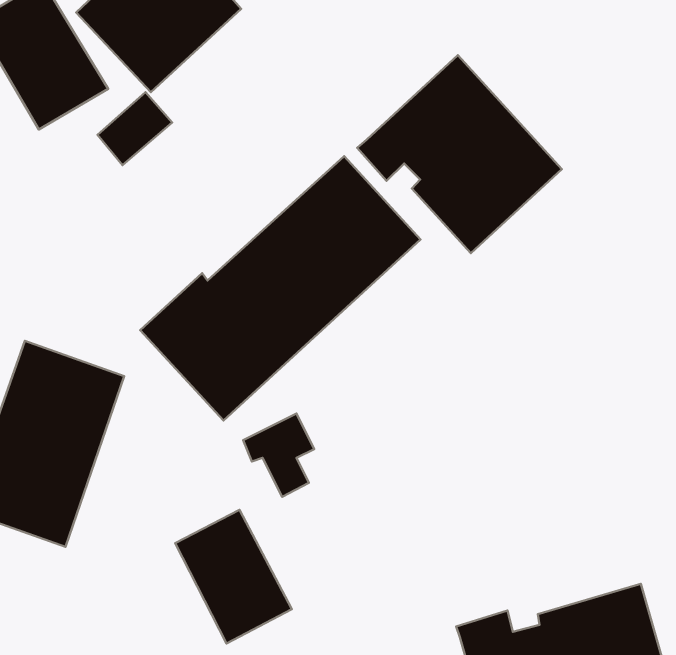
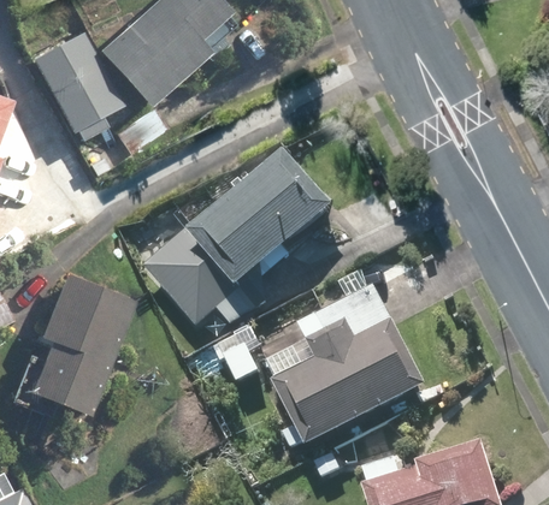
building: [357,55,562,253] -> none
building: none -> [264,286,426,451]
building: [175,510,292,643] -> none

